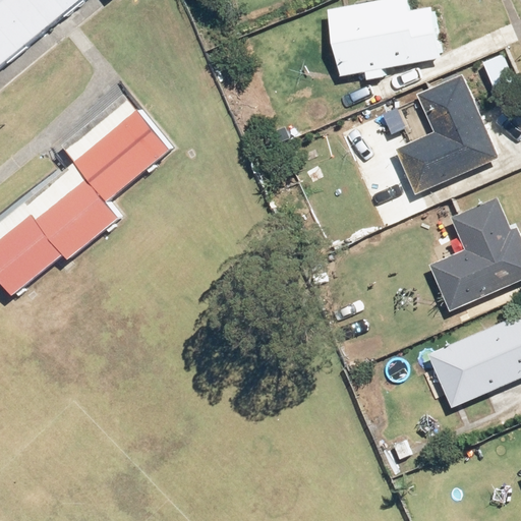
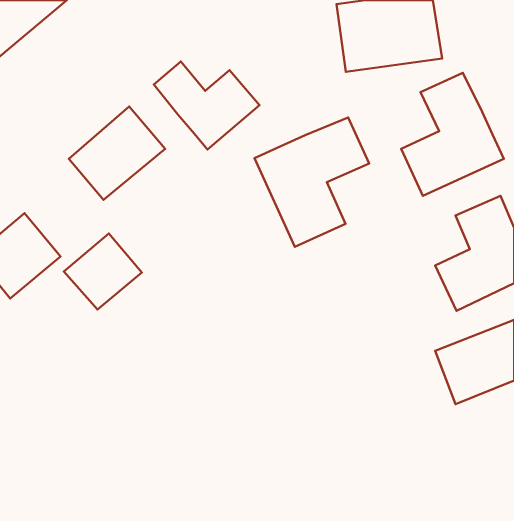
building: none -> [154,62,259,149]
building: none -> [254,117,369,247]
building: [33,182,110,257] -> [64,234,142,309]

